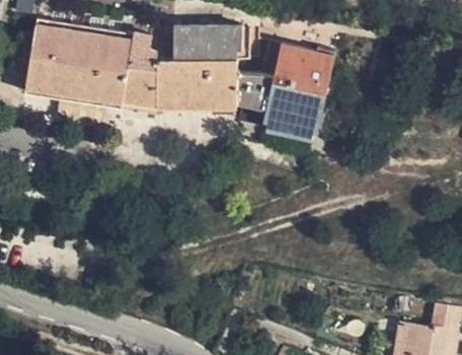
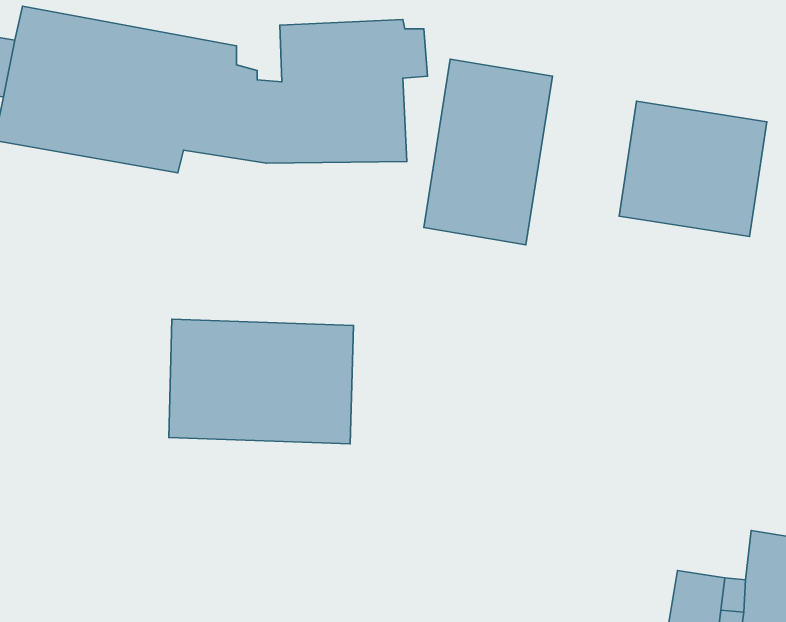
building: none -> [619,101,767,237]
building: none -> [169,319,353,444]

